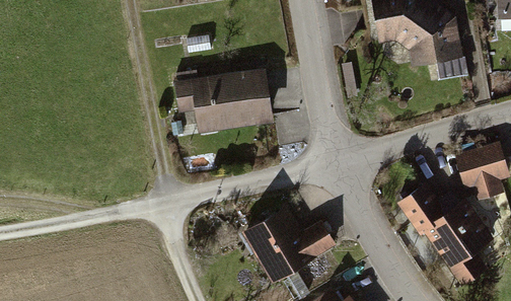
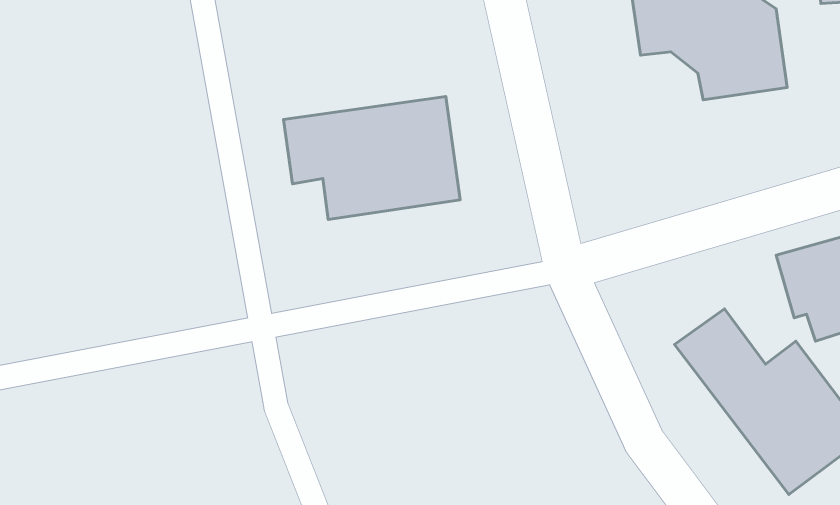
building: [239,206,334,284] -> none

